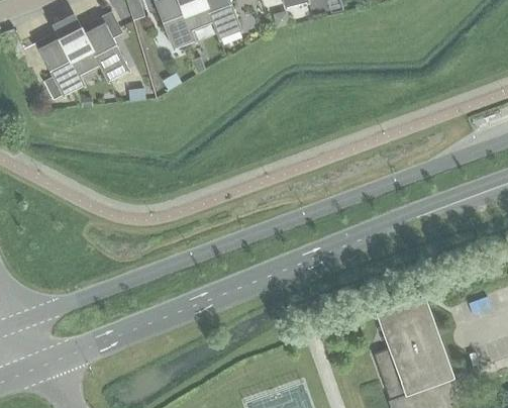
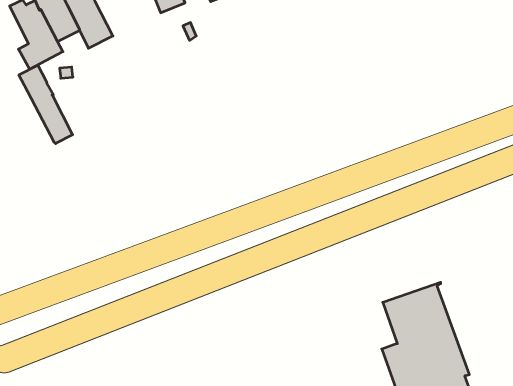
building: none -> [19,65,73,144]

